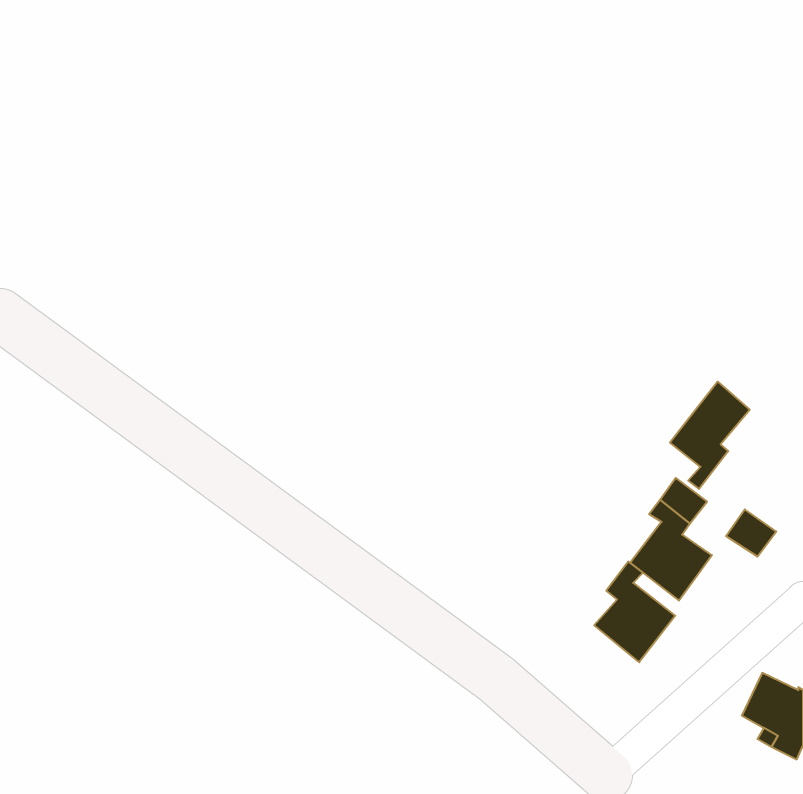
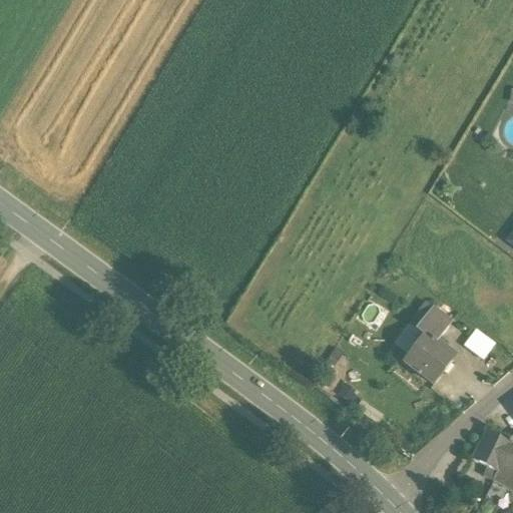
building: [670,382,750,489] -> none
building: [594,561,675,662] -> none

